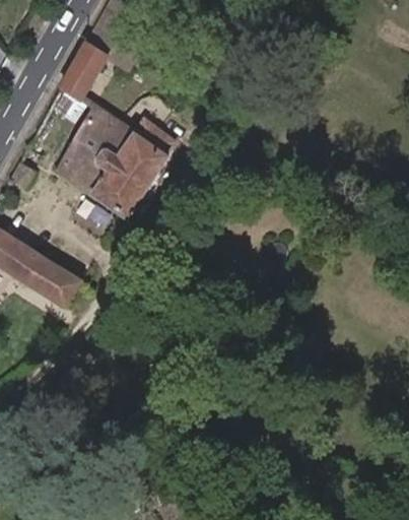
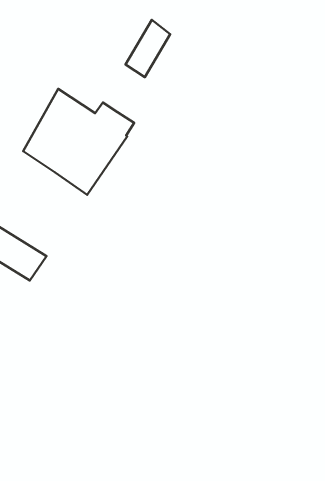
building: [61,41,108,101] -> [125,20,170,77]

